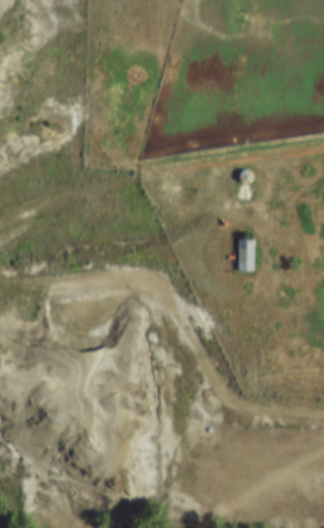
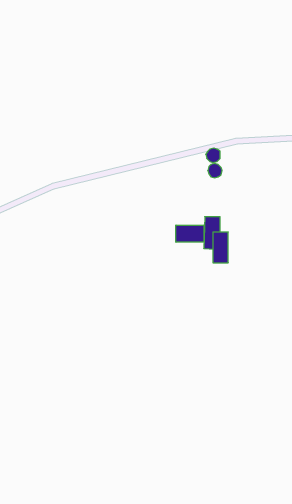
building: none -> [176,225,204,242]

